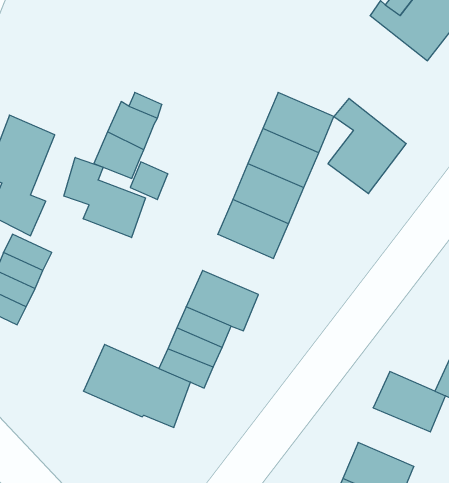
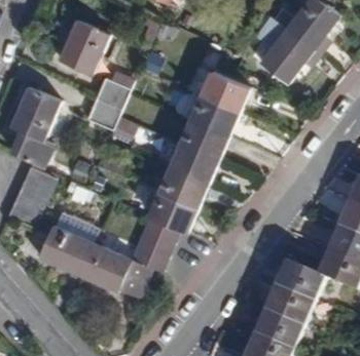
building: none -> [58,18,109,73]
building: [328,98,406,194] -> [259,17,313,82]
building: [64,157,146,238] -> none
building: none -> [159,166,208,207]
building: none -> [39,225,93,273]
building: none -> [265,284,315,324]

